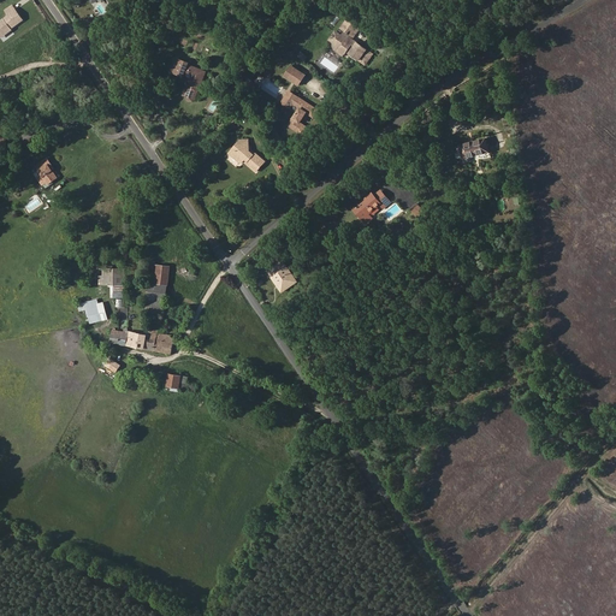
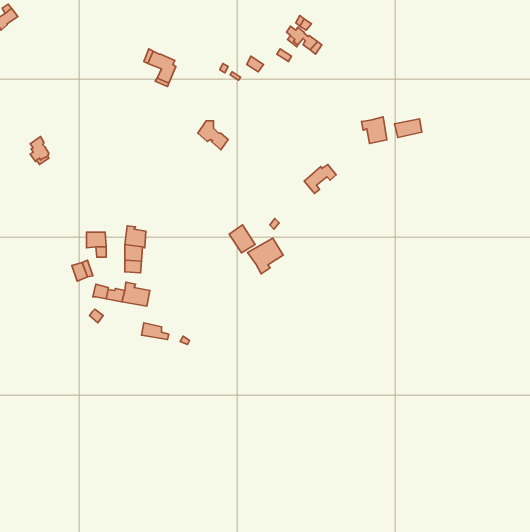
building: [282,89,318,132] -> none
building: none -> [361,117,387,143]
building: none -> [247,238,283,274]

